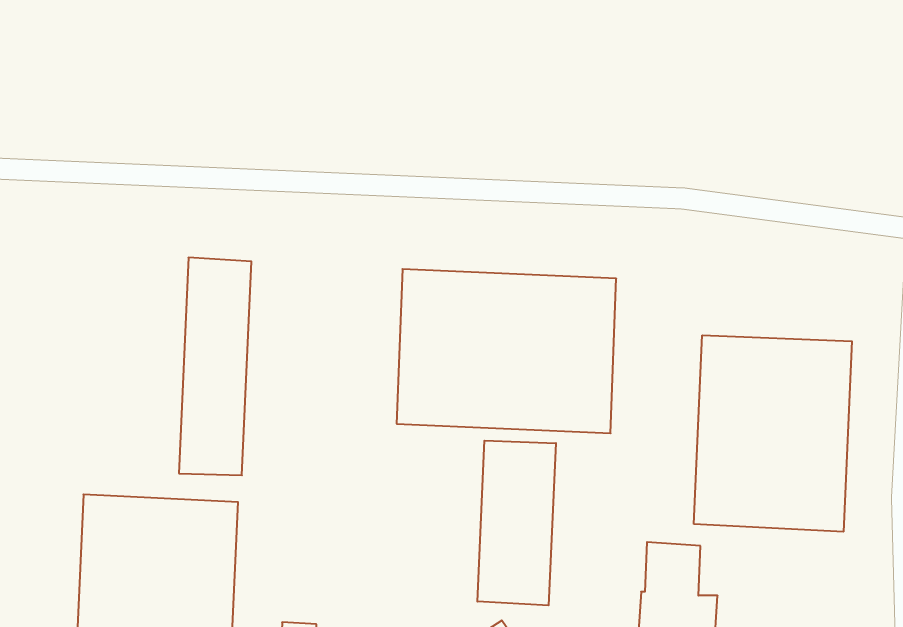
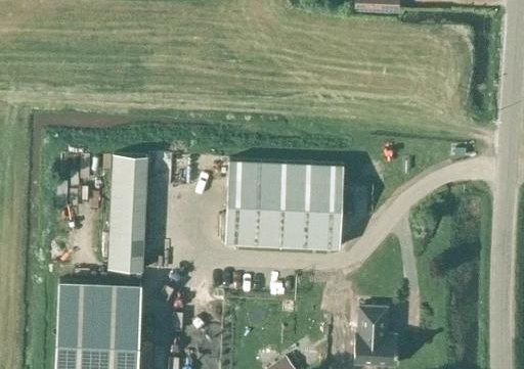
building: [694,335,852,532] -> none
building: [477,441,556,605] -> none

